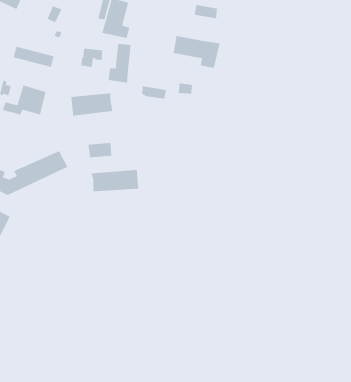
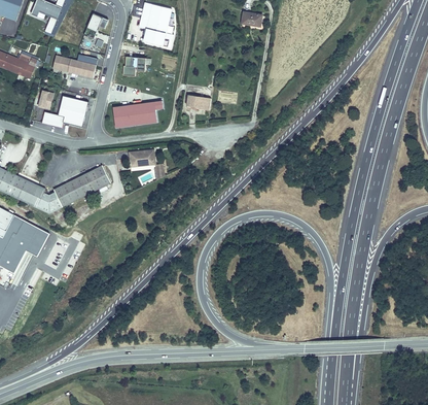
building: [173,35,221,69] -> none
building: [108,43,132,84] -> none
building: [91,169,139,192] -> none

